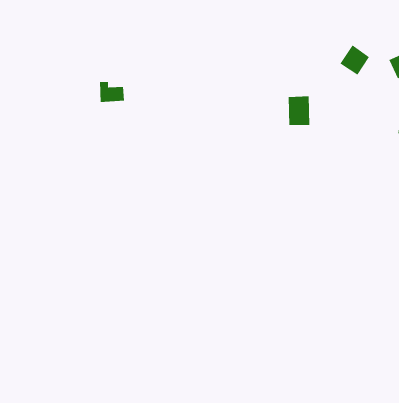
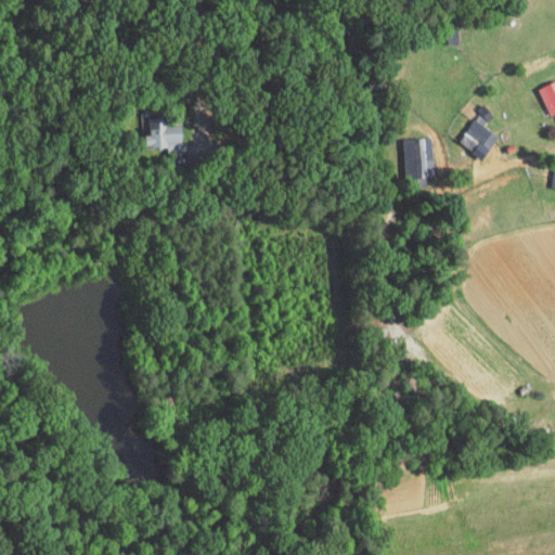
building: [339,44,370,76] -> [460,117,501,159]

